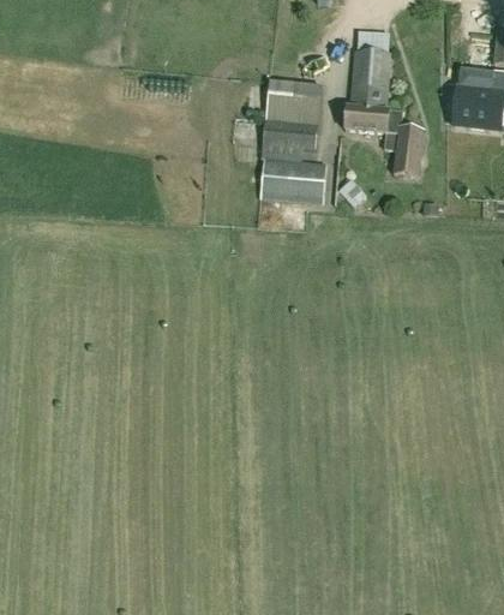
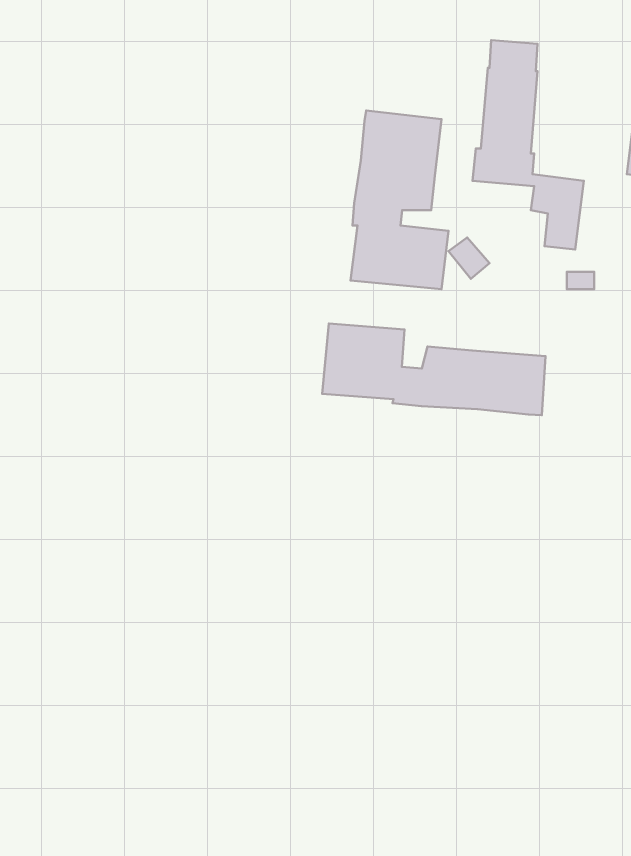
building: none -> [322,323,546,415]

